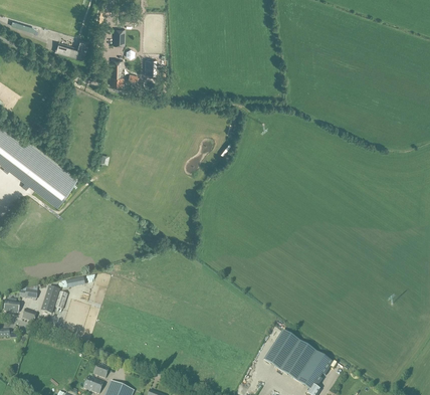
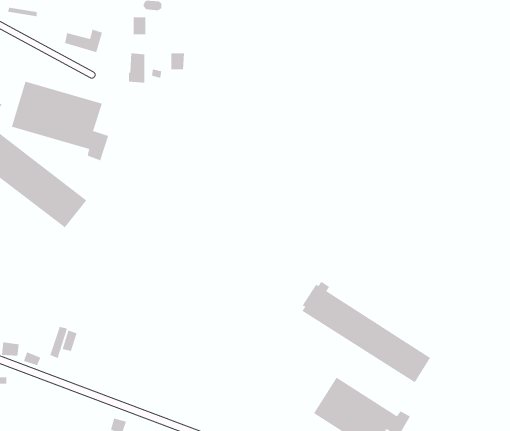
building: none -> [11,81,109,161]
building: none -> [302,281,431,383]

